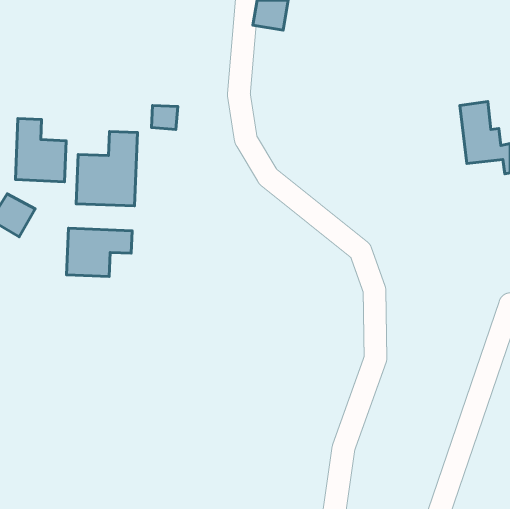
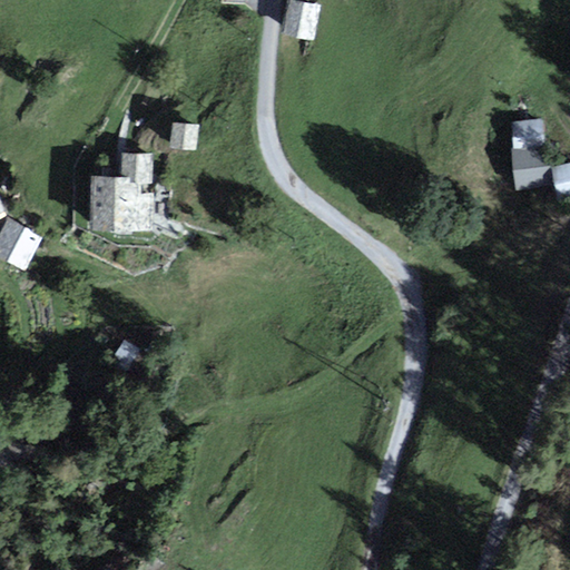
building: [15,118,66,182] -> none
building: [66,228,132,277] -> none

